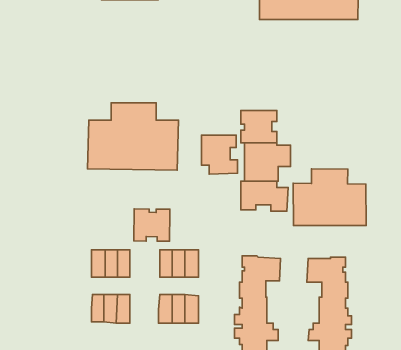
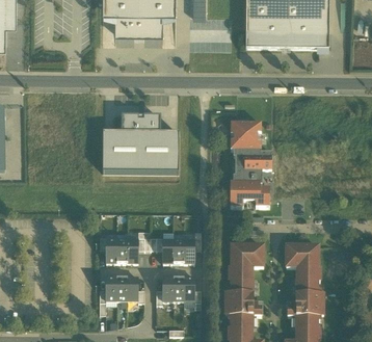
building: [201,135,238,174] -> none
building: [293,169,366,225] -> none
building: [134,209,170,241] -> none

